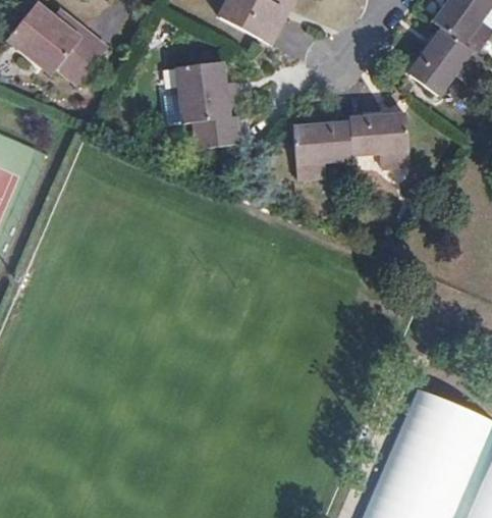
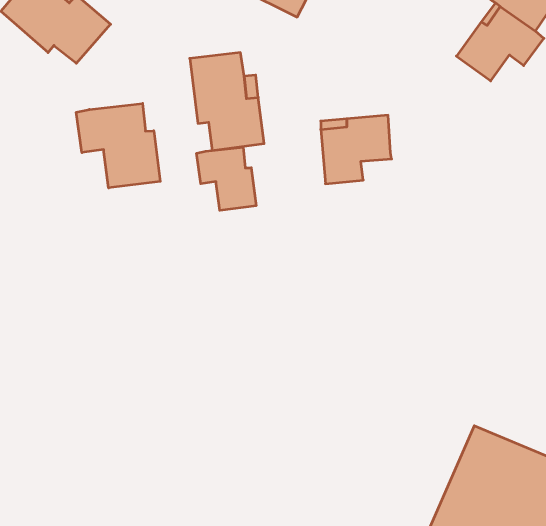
building: none -> [76,103,160,188]
building: [346,114,411,167] -> none
building: none -> [197,147,256,210]

